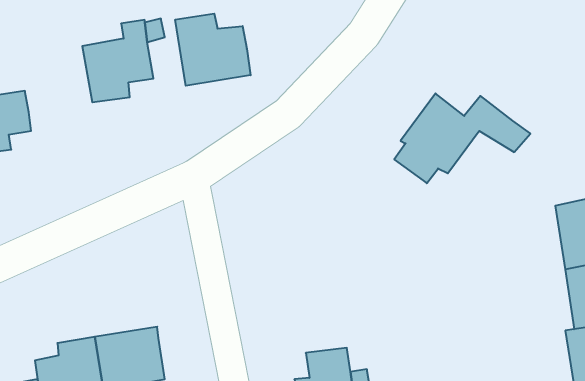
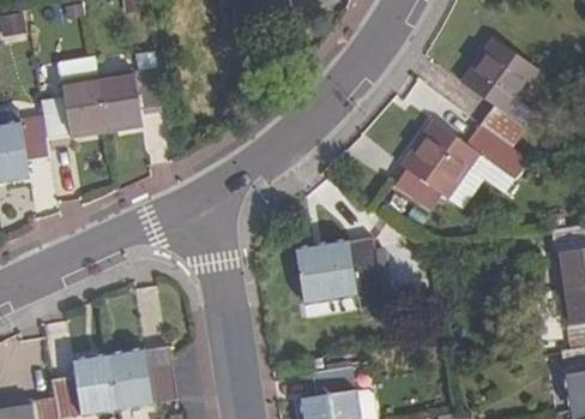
building: none -> [463,40,538,149]
building: [175,14,251,86] -> none
building: none -> [37,77,105,140]
building: none -> [296,239,382,311]

